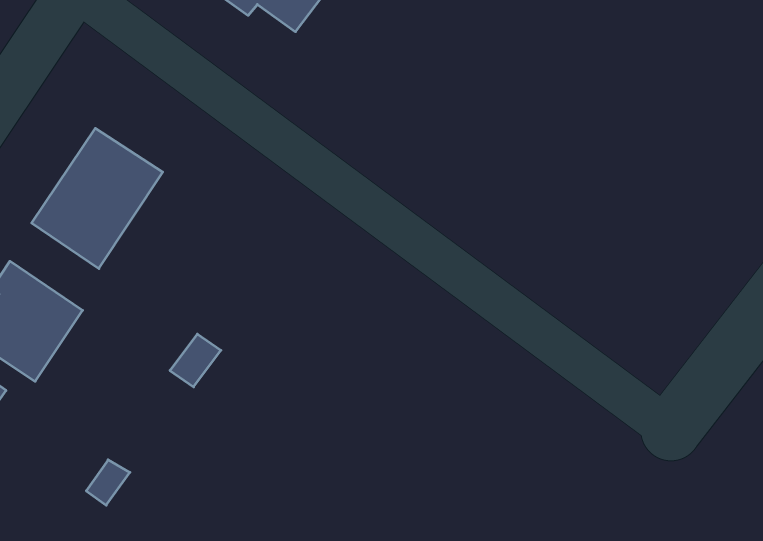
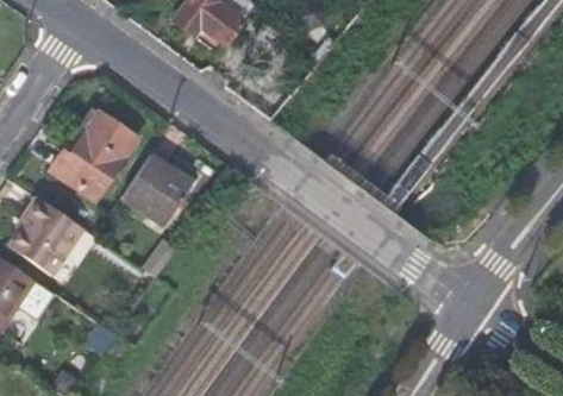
building: none -> [118,152,198,228]

